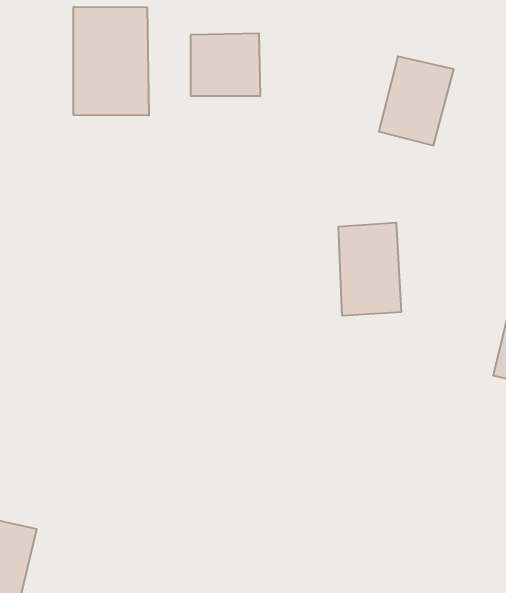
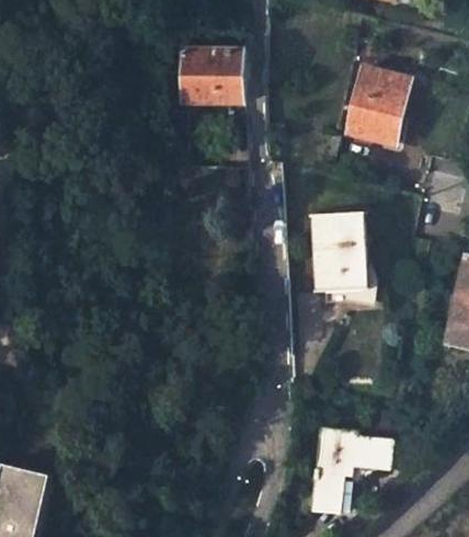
building: [74,7,149,116] -> none
building: none -> [312,431,392,503]

